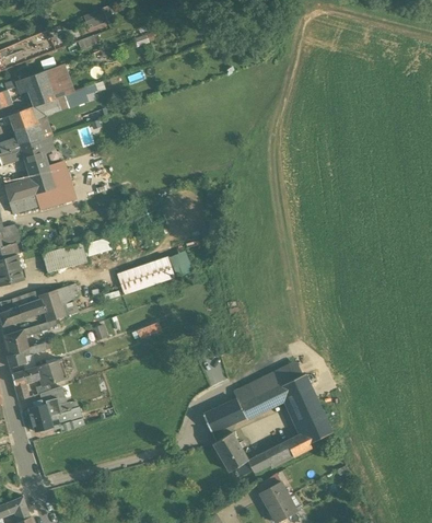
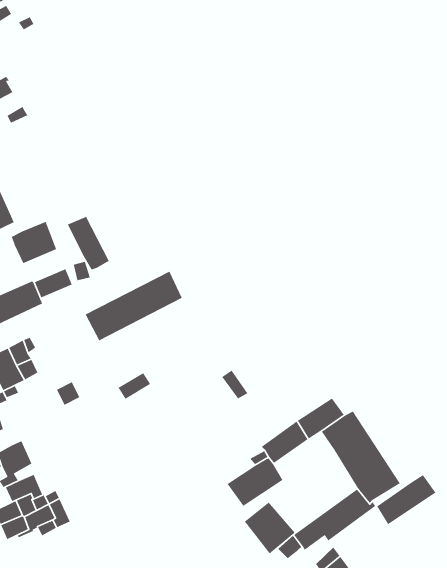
building: none -> [11,221,57,264]
building: none -> [67,216,110,270]
building: [241,386,287,420] -> [376,474,436,525]

